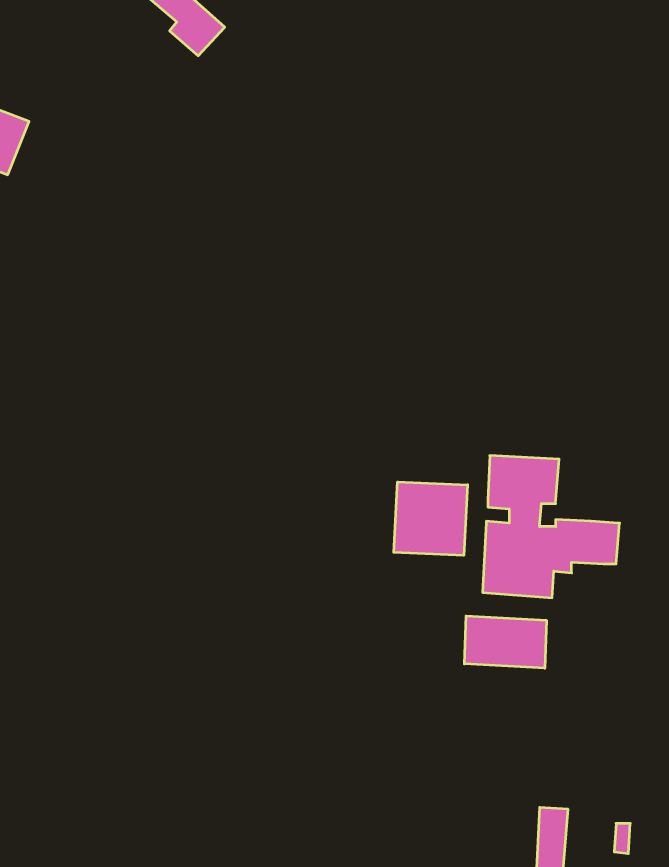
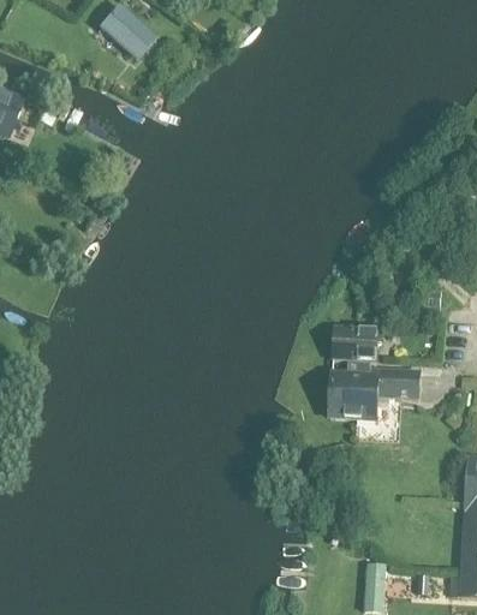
building: [394,482,468,555] -> none
building: [464,616,546,668] -> none

